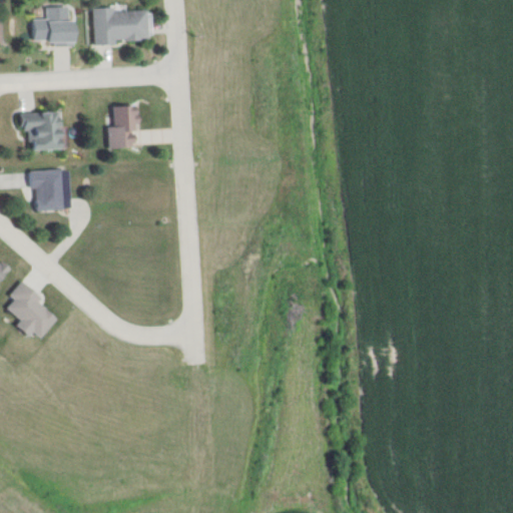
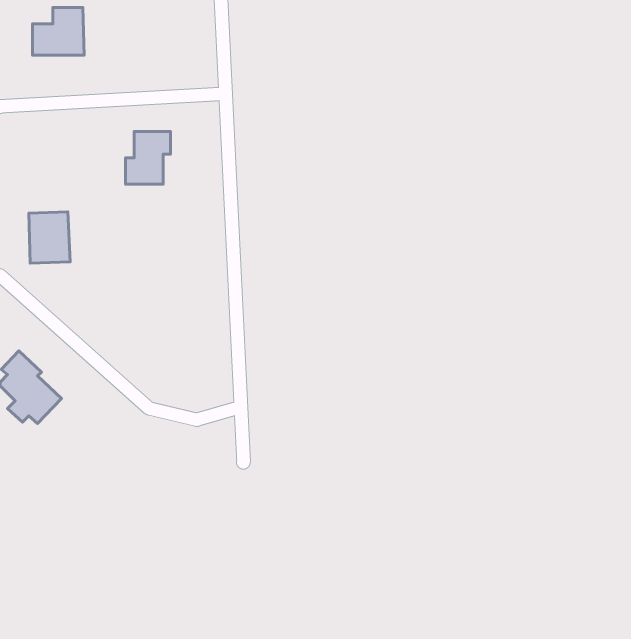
building: [96,8,146,42] -> none
building: [20,112,66,149] -> none

